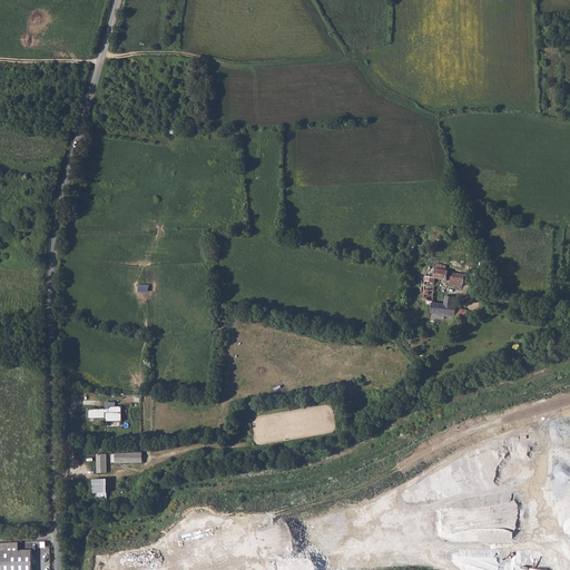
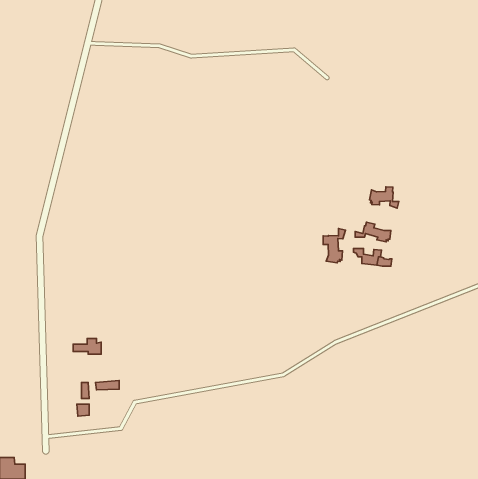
building: none -> [370,187,399,208]
building: none -> [323,228,346,263]

